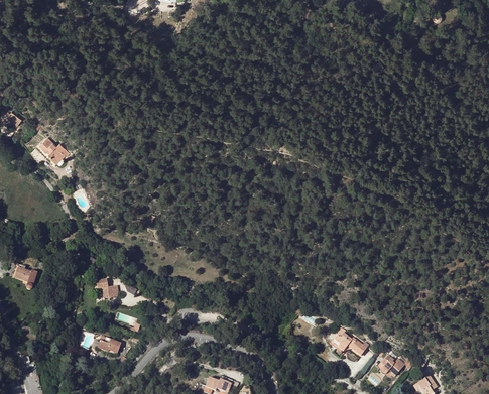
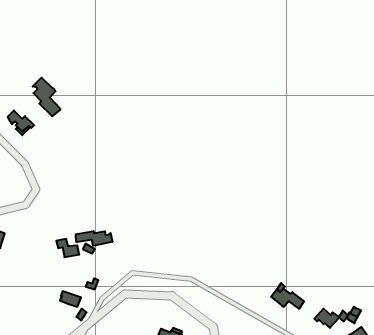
building: none -> [33,78,60,116]
building: none -> [76,231,112,246]

